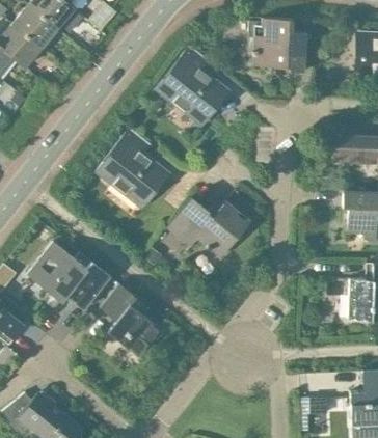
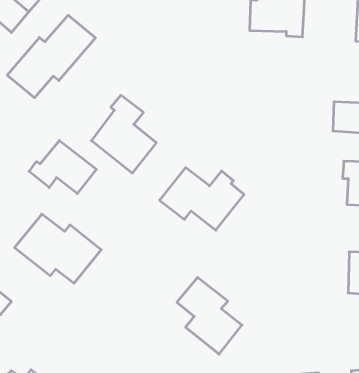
building: [160,47,223,121] -> none
building: none -> [7,15,95,98]
building: none -> [29,140,96,194]
building: [99,284,161,358] -> [177,277,242,354]

